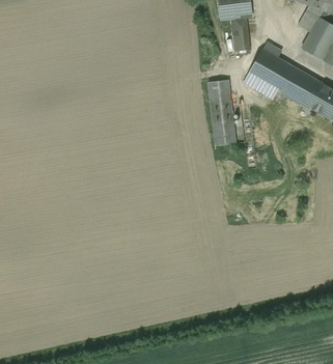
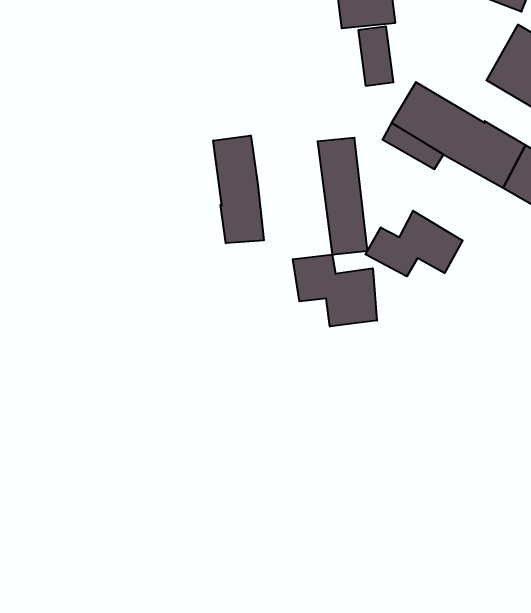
building: none -> [213,135,264,243]
building: none -> [365,211,463,276]
building: none -> [293,255,377,327]

